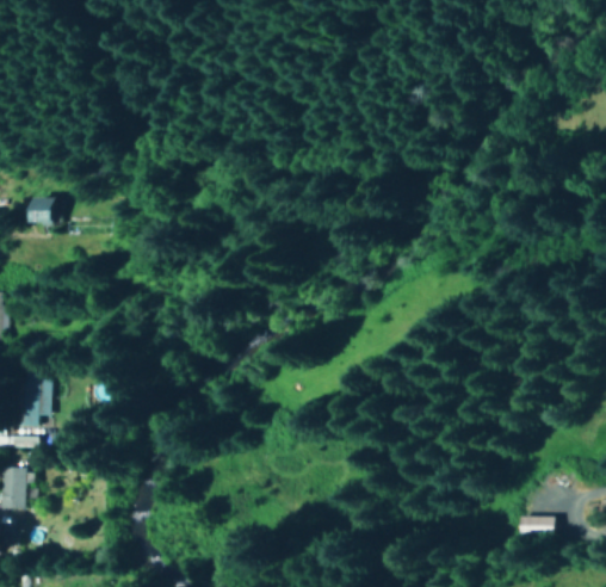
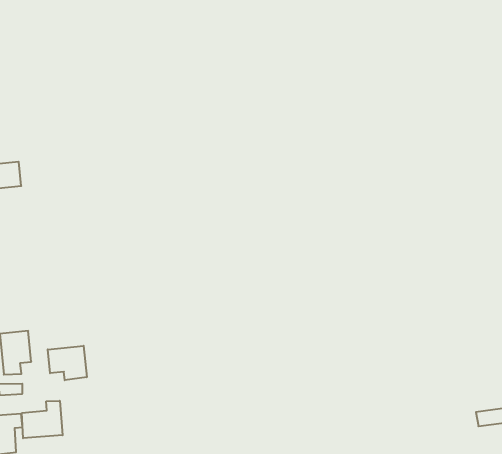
building: none -> [48,346,87,380]
building: none -> [22,401,63,438]

